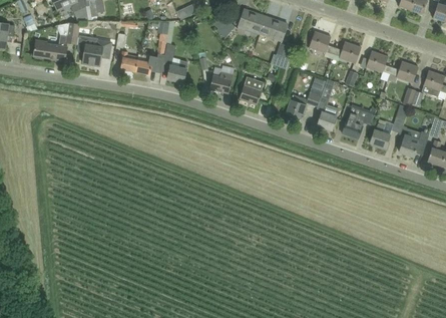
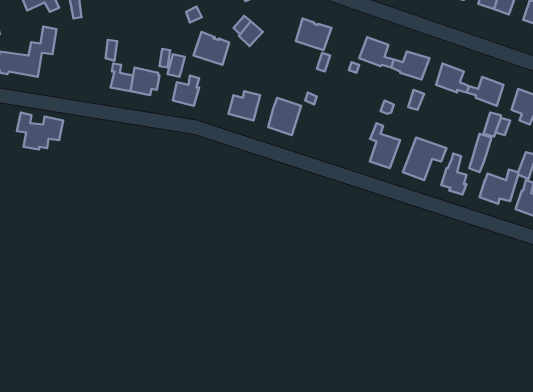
building: [239,8,266,33] -> [194,32,229,65]
building: [77,36,112,64] -> [17,113,63,150]
building: [286,86,324,118] -> none

